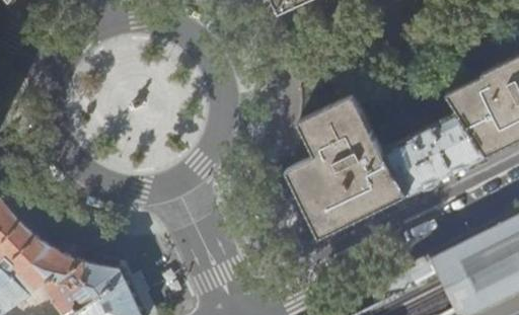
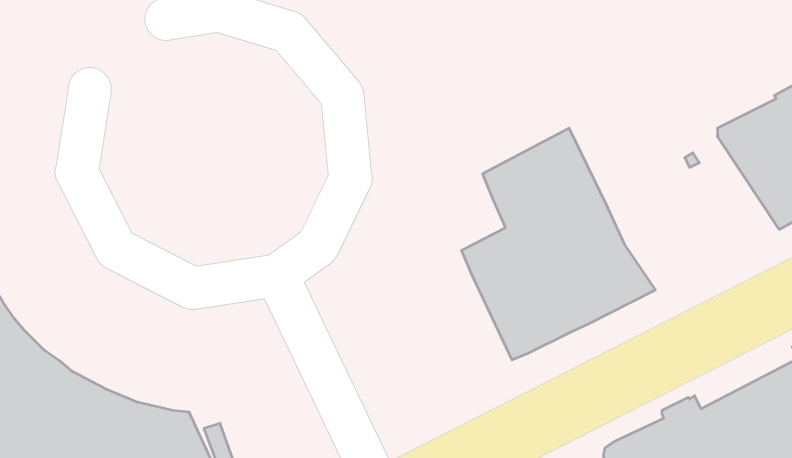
building: [380,97,488,192] -> none

